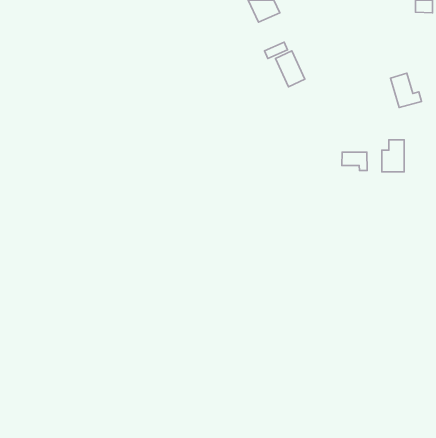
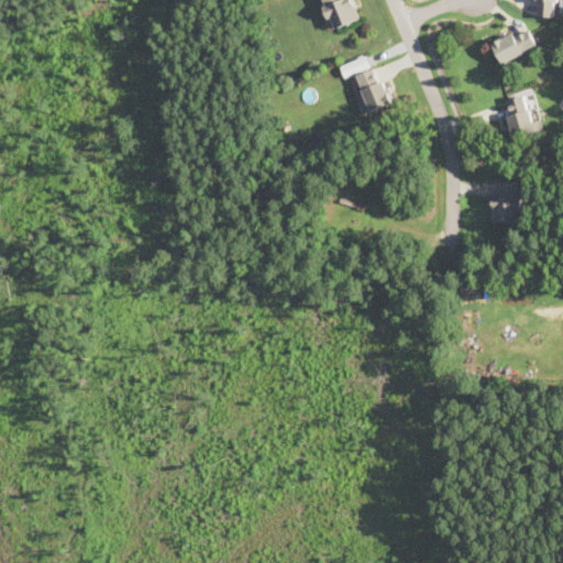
building: none -> [490,27,534,63]
building: [342,152,367,171] -> none

